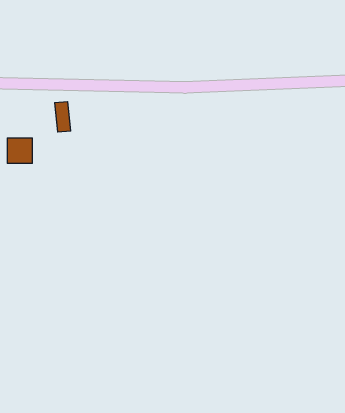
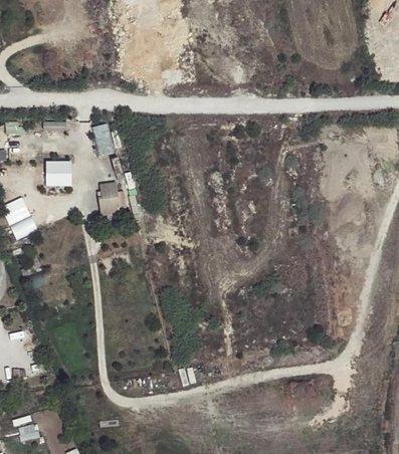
building: none -> [99,183,121,215]

